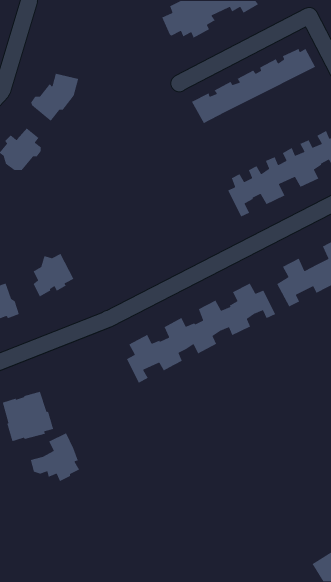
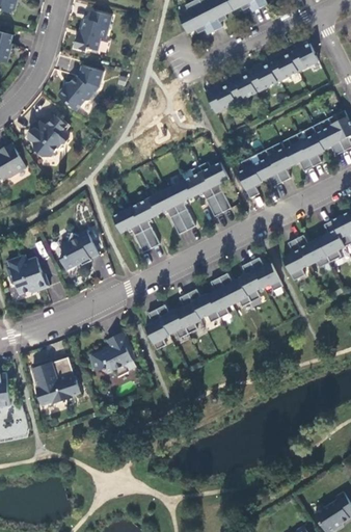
building: none -> [73,11,110,52]
building: none -> [111,162,230,252]
building: [30,432,80,482] -> [89,331,135,377]

